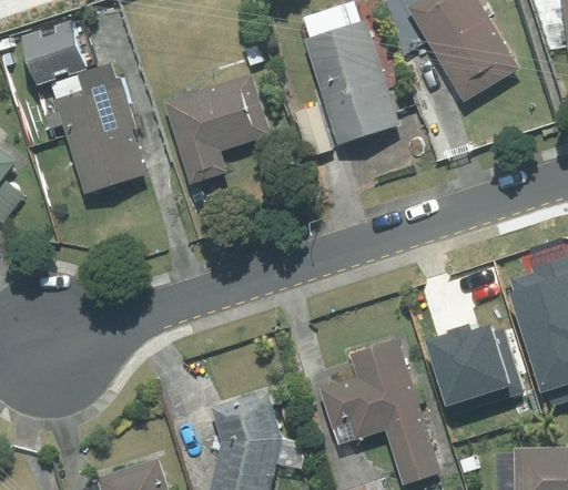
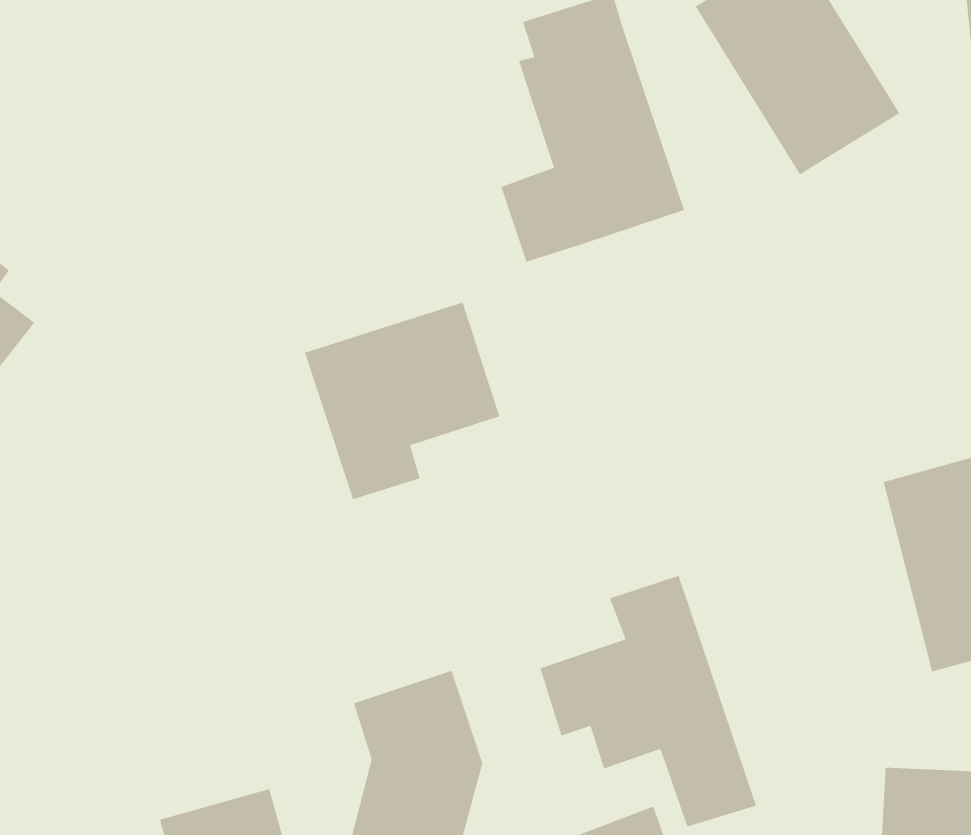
building: [20,24,143,195] -> none
building: [159,72,271,185] -> [304,302,500,500]
building: [429,323,520,406] -> none

